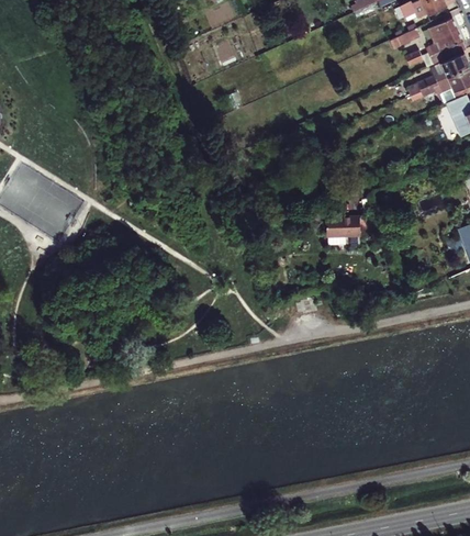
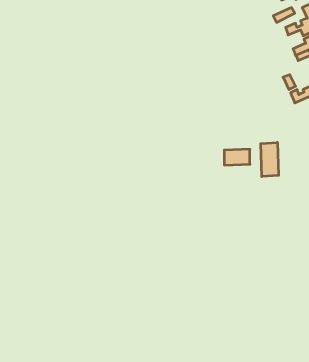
building: none -> [261,142,279,177]

